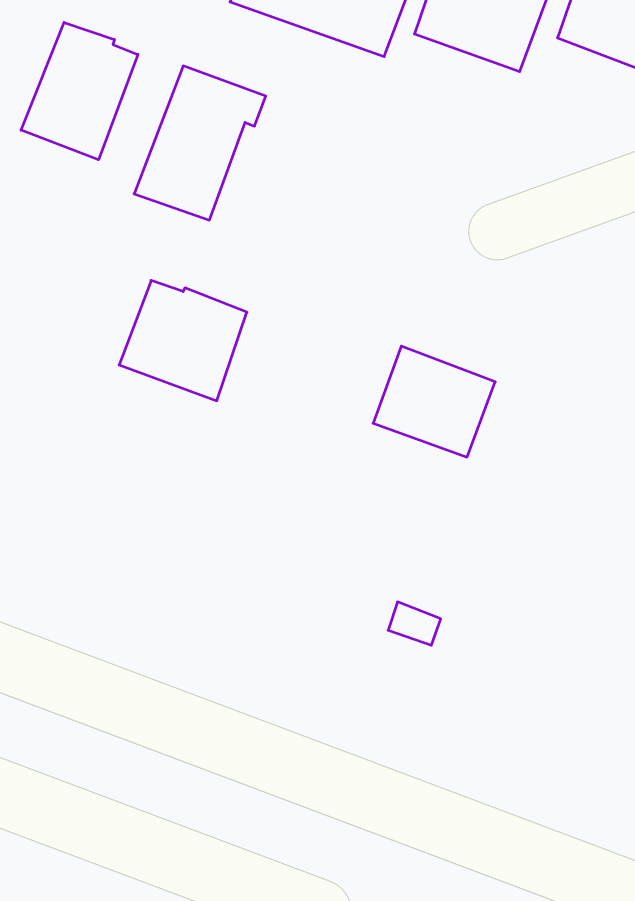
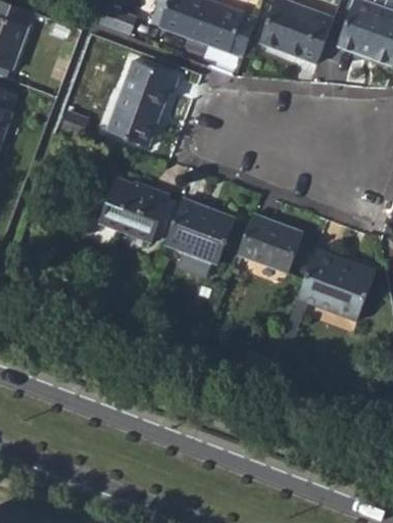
building: [21,22,138,160] -> none
building: none -> [164,198,233,262]
building: none -> [296,248,374,321]

